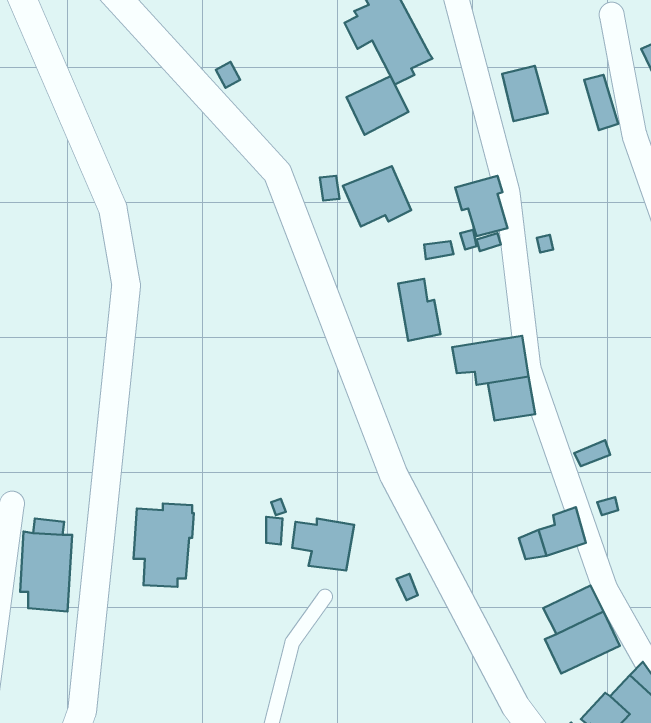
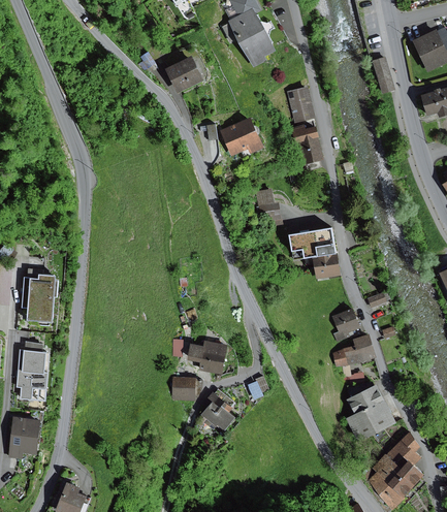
building: [502,66,548,121] -> [287,87,316,122]
building: [346,76,408,135] -> [165,55,204,92]
building: none -> [330,308,361,343]
building: [134,504,194,587] -> [21,273,59,325]
building: none -> [171,377,196,401]
building: none -> [201,389,236,433]
building: none -> [7,416,40,459]

